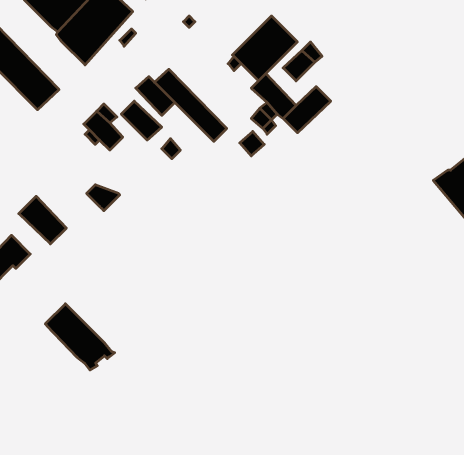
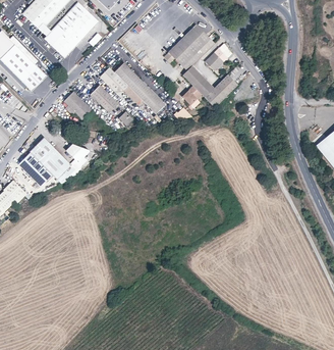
building: [45,304,115,370] -> [29,136,77,183]

